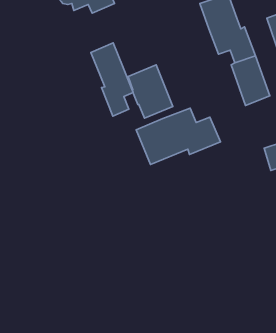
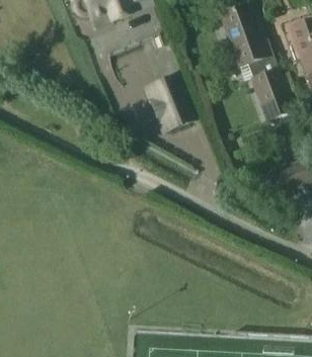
building: [91,43,133,116] -> none
building: [136,108,221,164] -> none

